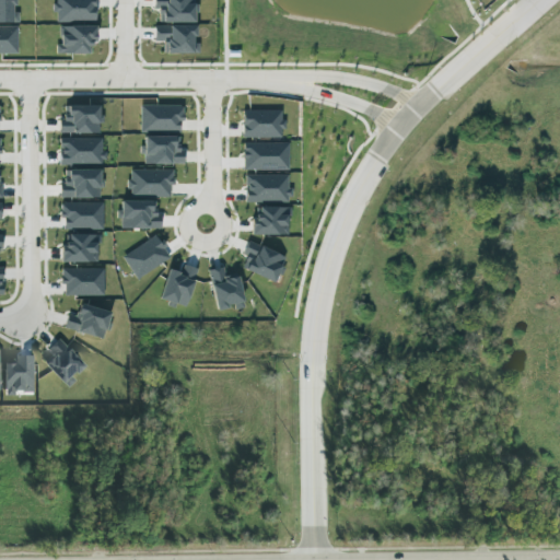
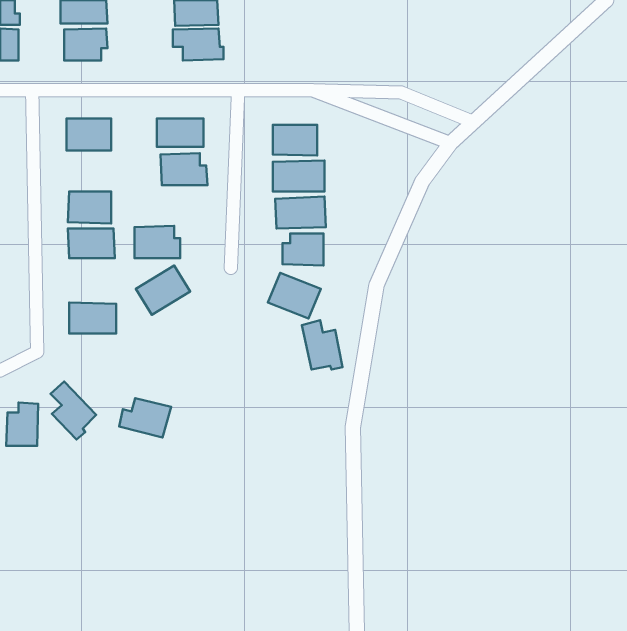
building: [61,138,106,164] -> none
building: [130,170,174,196] -> none
building: [63,234,100,262] -> none
building: [161,265,199,307] -> none
building: [210,266,246,310] -> [302,320,343,369]
building: [67,304,113,339] -> [119,398,171,438]

